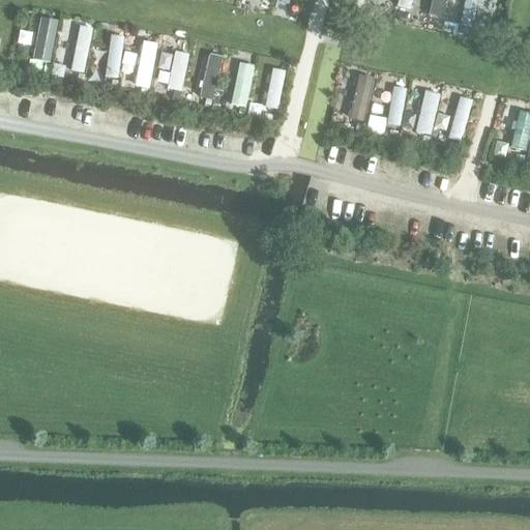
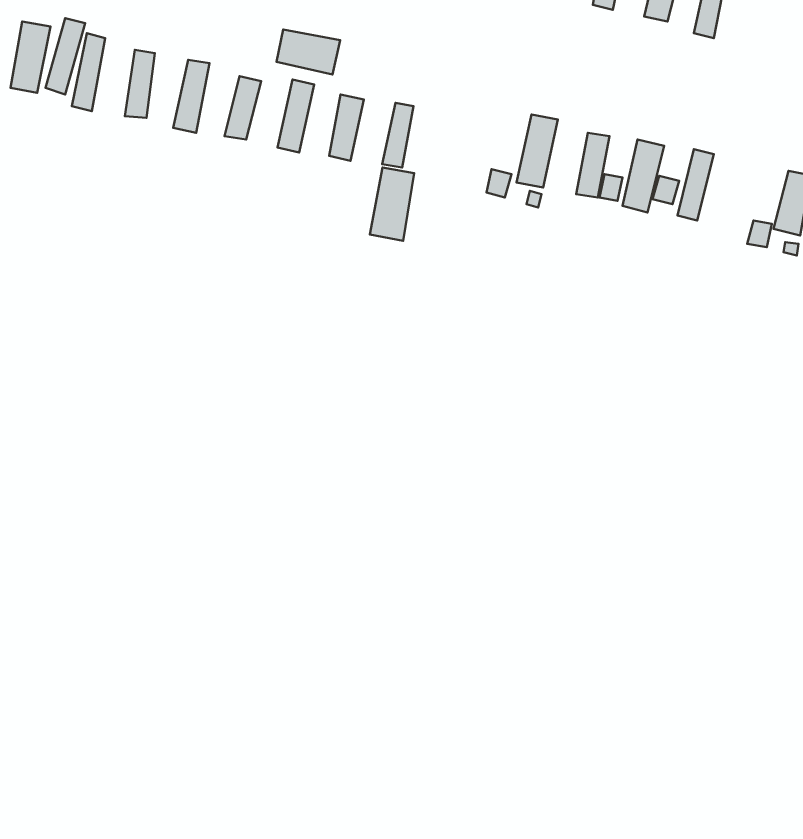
building: none -> [276,30,340,74]
building: none -> [370,168,414,241]

